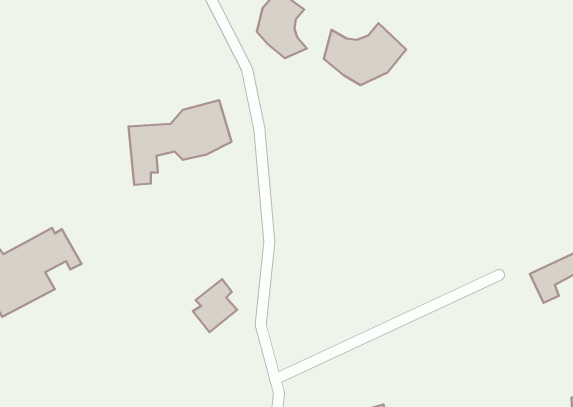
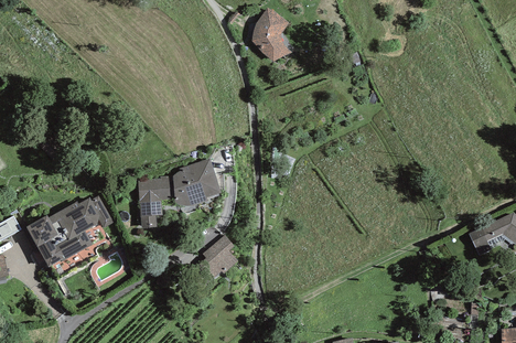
building: [324,23,406,85] -> none
building: [129,100,232,185] -> [138,160,219,227]

